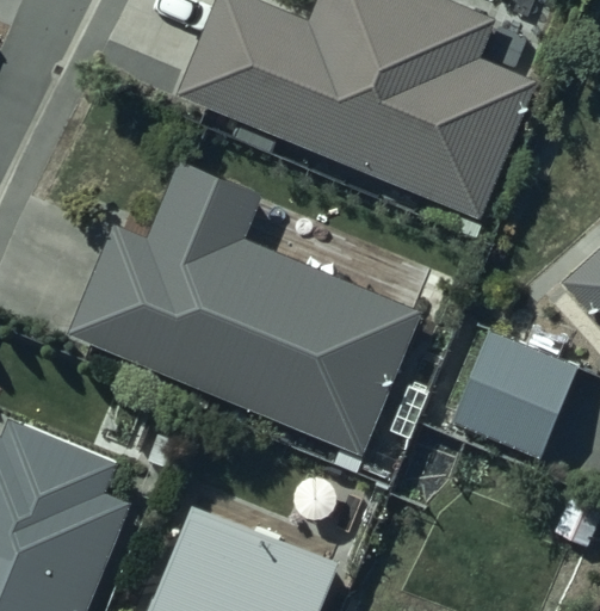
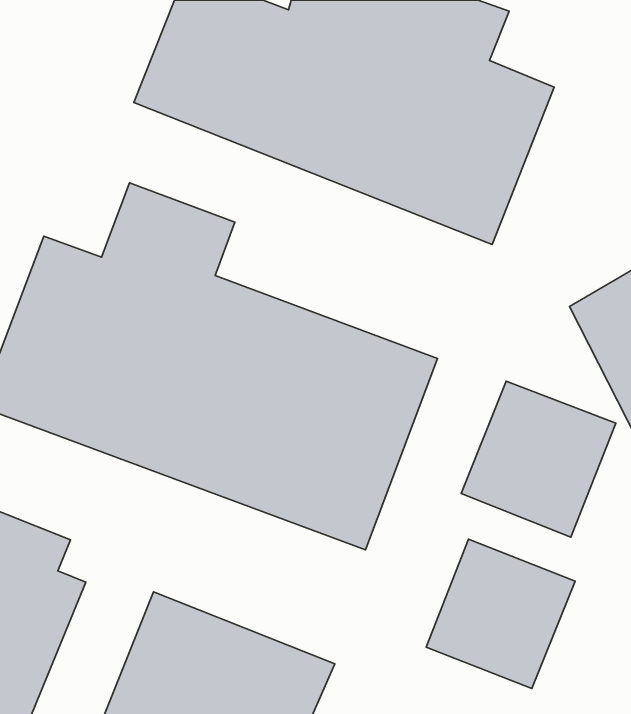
building: none -> [426,539,575,688]

